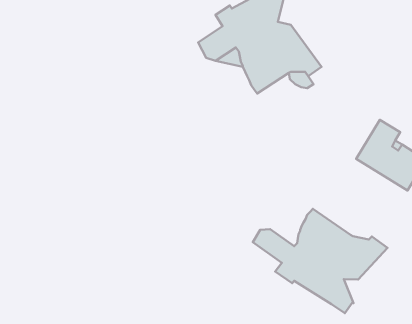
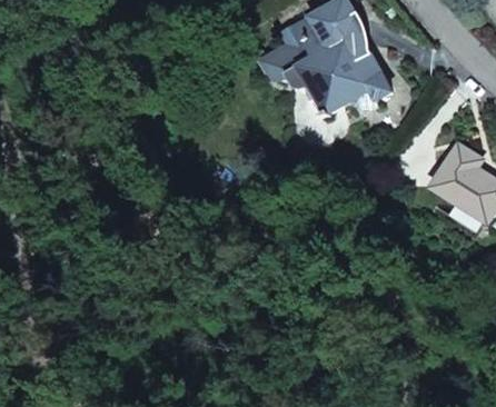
building: [253,209,388,313] -> none

